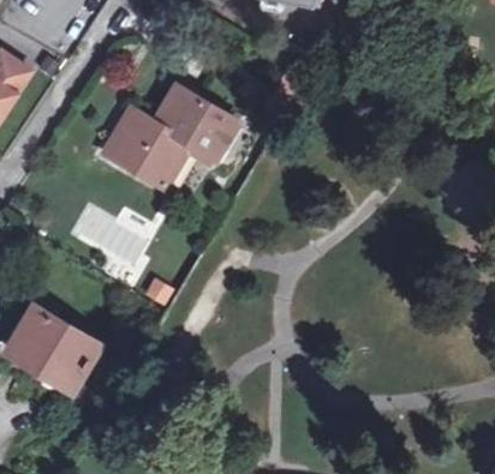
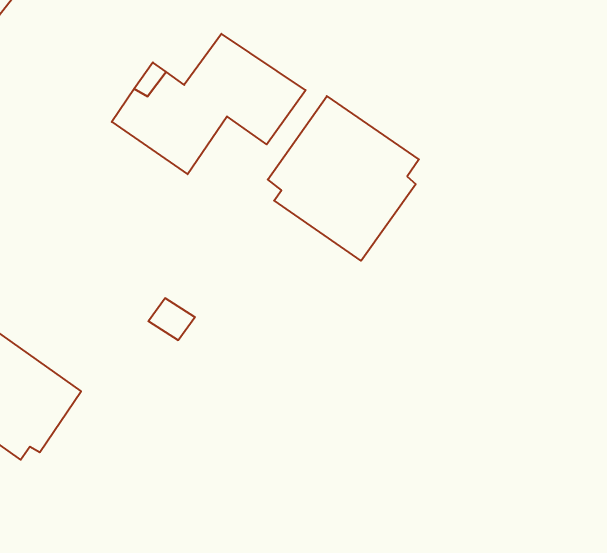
building: none -> [268,96,419,261]

